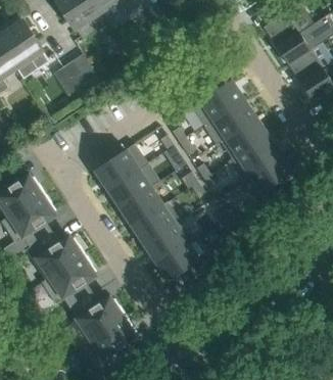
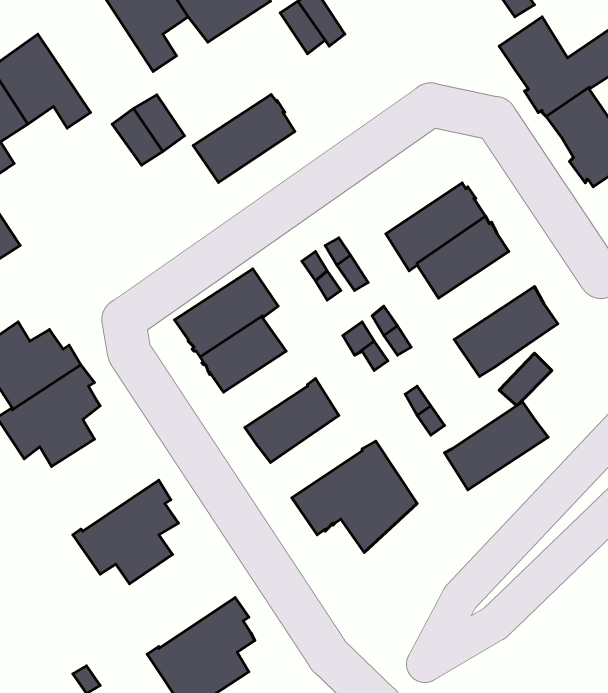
building: [190,79,243,125] -> [193,94,295,183]
building: [227,134,281,180] -> [444,402,548,490]
building: [118,186,162,226] -> none
building: [143,220,191,263] -> none
building: [25,232,85,280] -> none
building: [69,292,125,341] -> none

